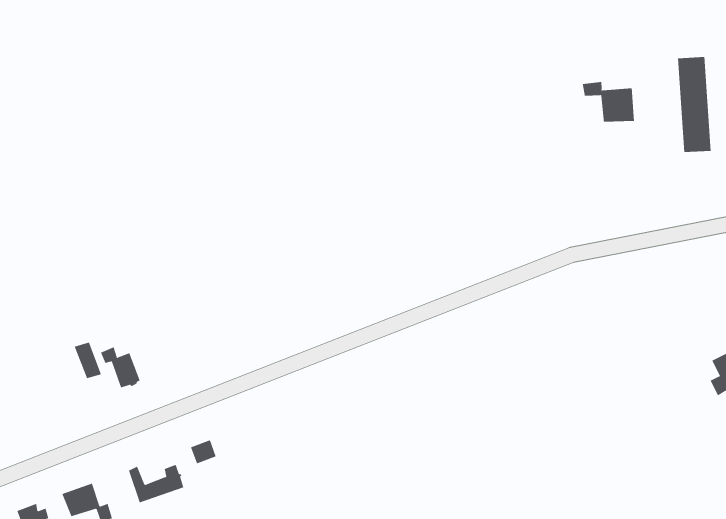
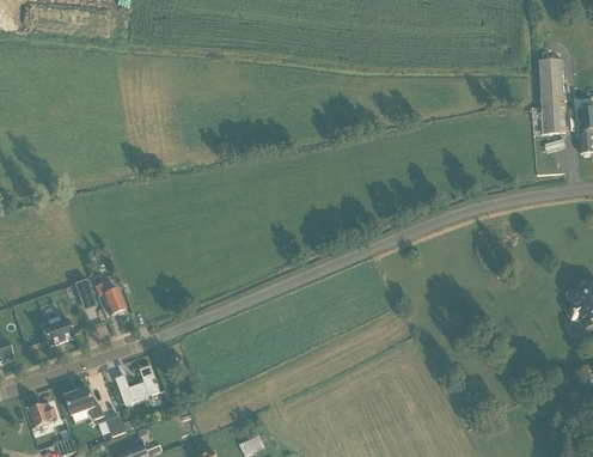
building: [582,81,634,123] -> none
building: none -> [42,315,73,341]

